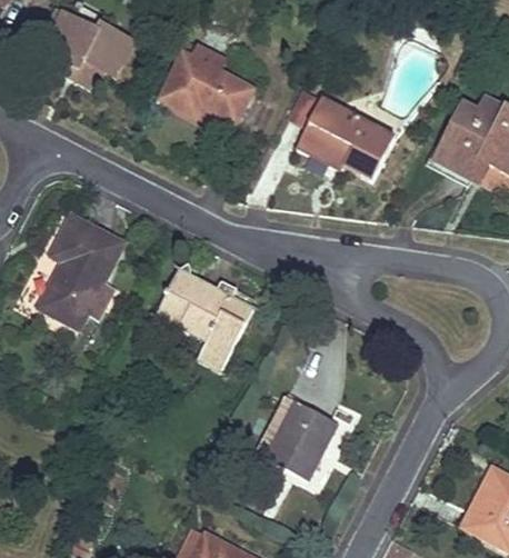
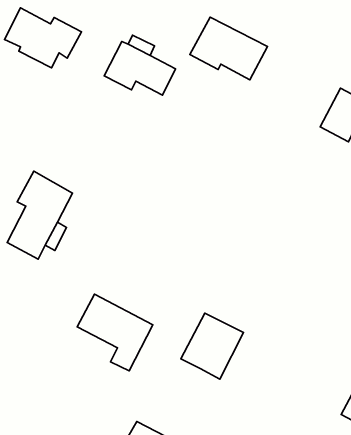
building: [297,99,395,178] -> [190,17,268,80]
building: [157,270,252,367] -> [77,294,153,371]

